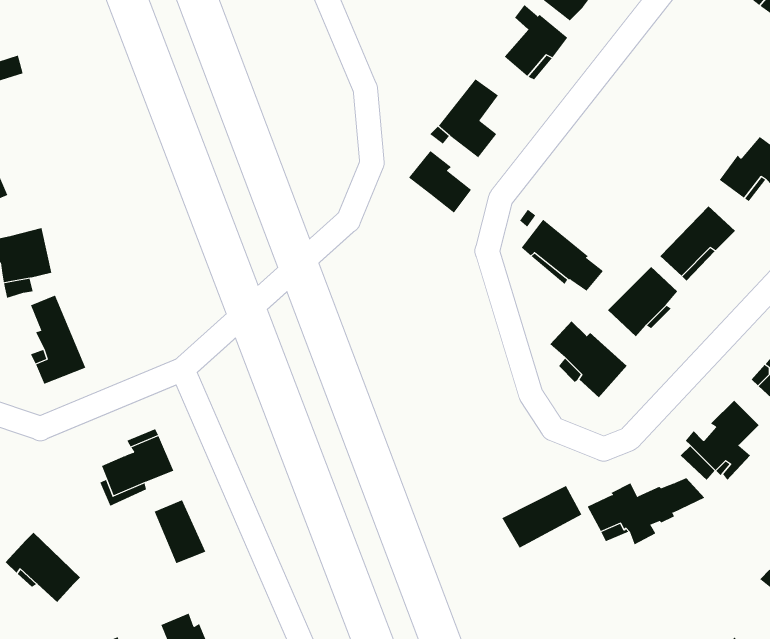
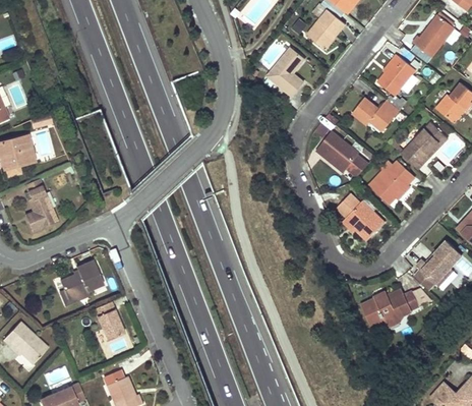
building: none -> [413,16,457,59]
building: none -> [377,57,416,98]
building: [408,150,472,213] -> none
building: none -> [353,99,400,133]
building: [502,485,582,549] -> none

